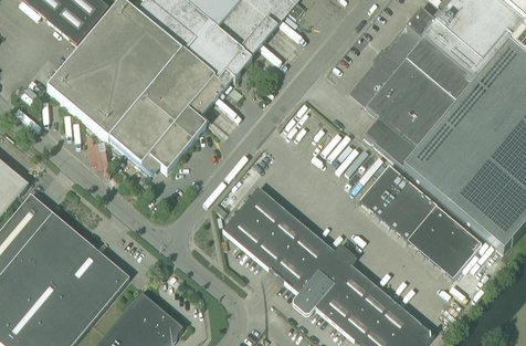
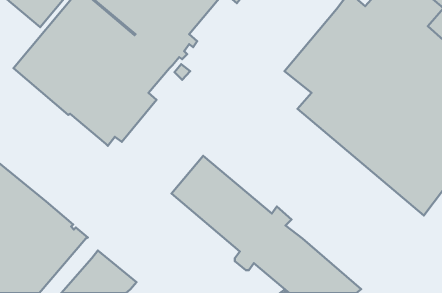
building: [359,165,481,279] -> none

